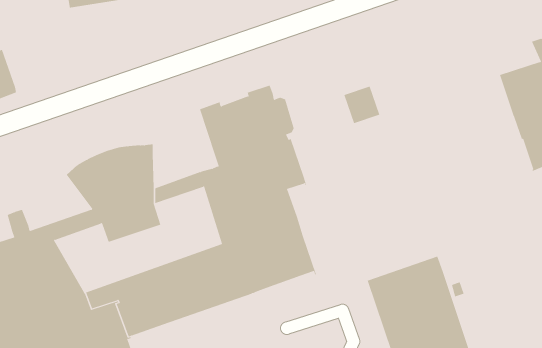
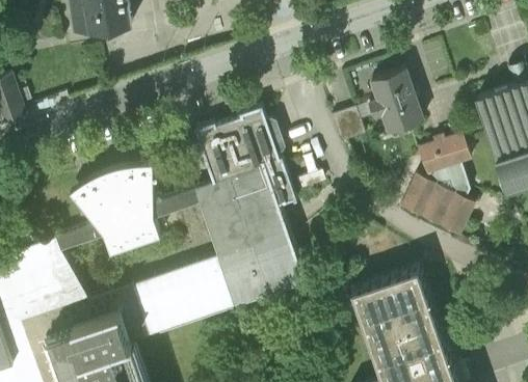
building: none -> [367,70,422,132]
building: none -> [399,134,474,236]

